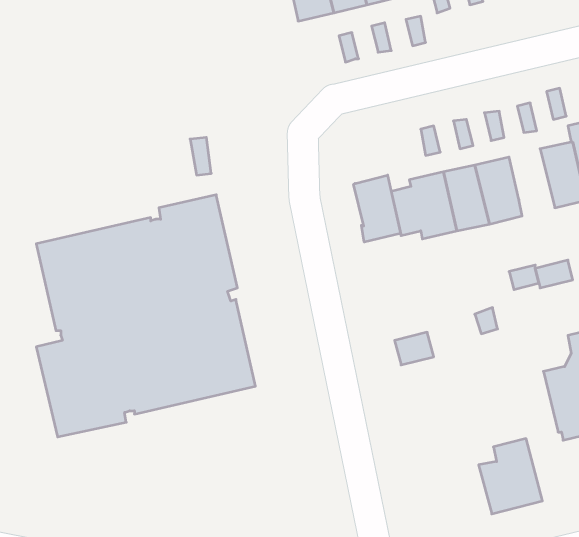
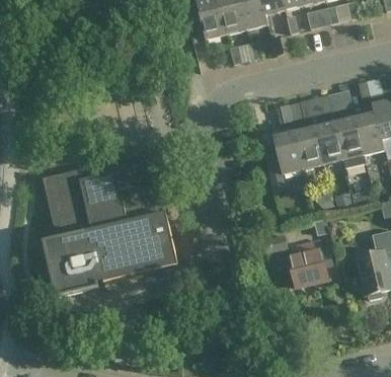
building: none -> [335,118,364,159]
building: [354,175,401,242] -> none
building: [479,439,542,514] -> [288,239,327,286]

